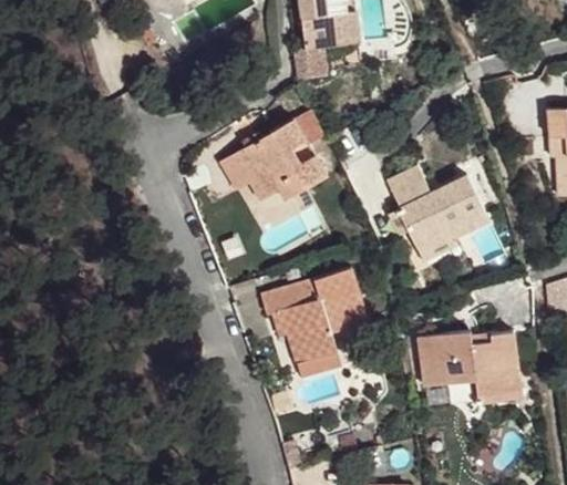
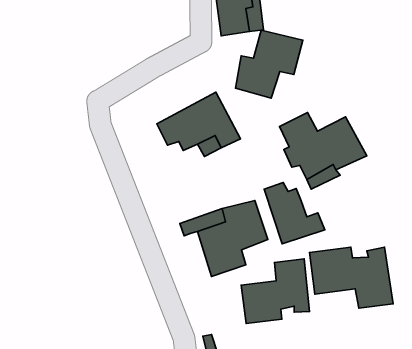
building: none -> [235,30,303,98]
building: none -> [264,182,325,244]
building: none -> [241,259,310,324]

